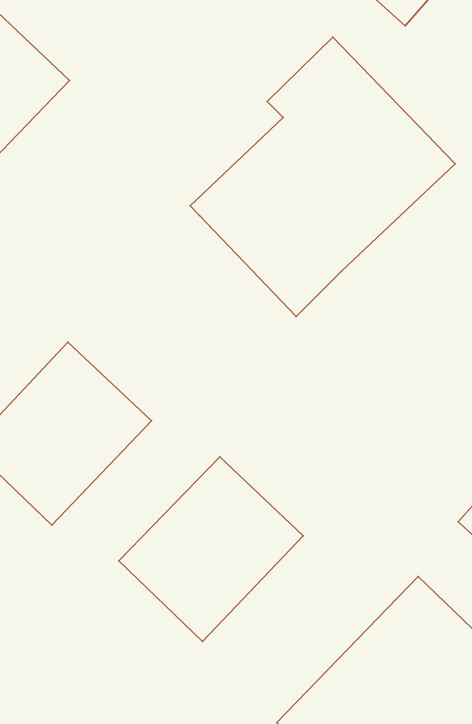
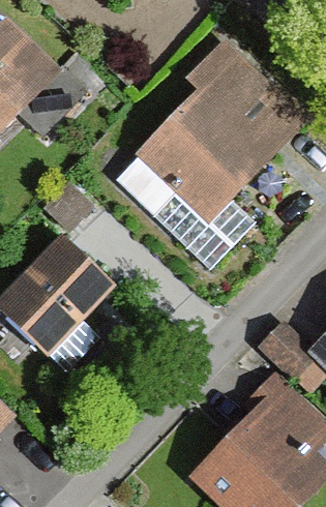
building: none -> [119,152,263,270]
building: [119,457,303,641] -> none

